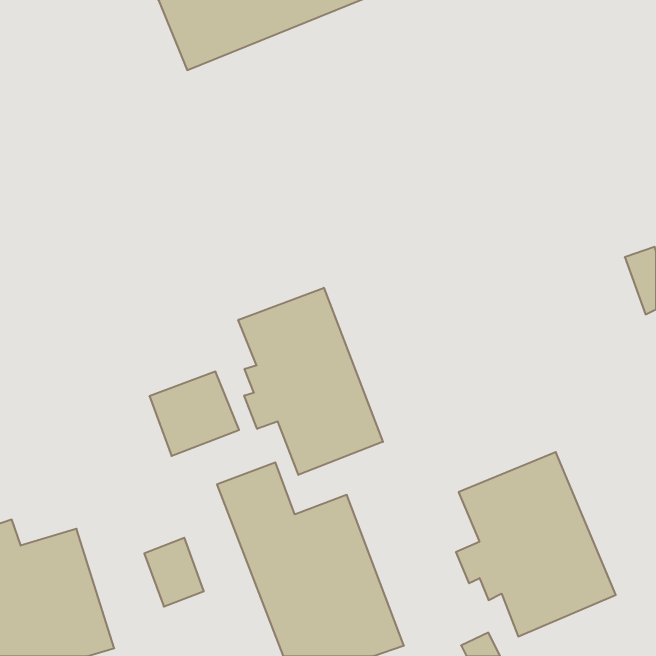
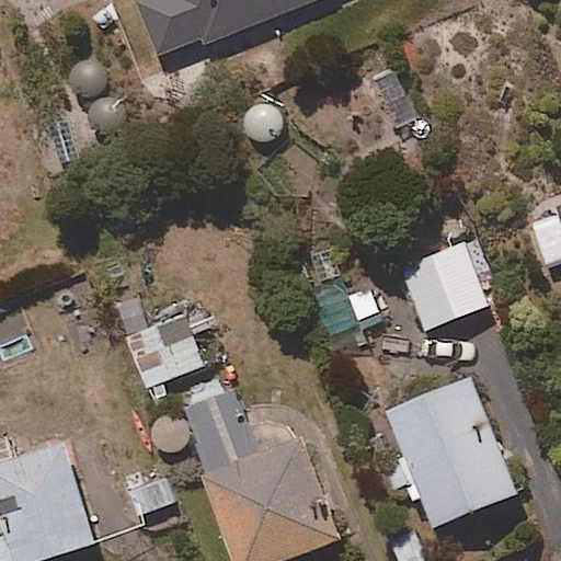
building: none -> [398,241,485,333]
building: [238,288,383,475] -> none

